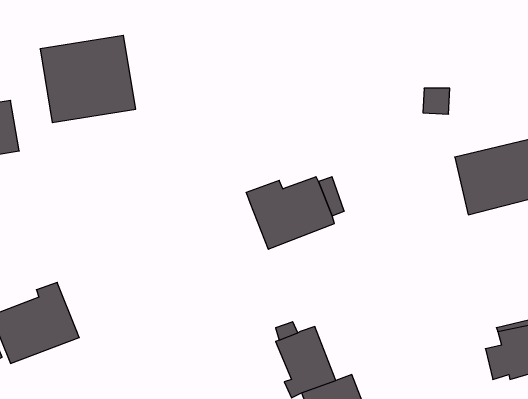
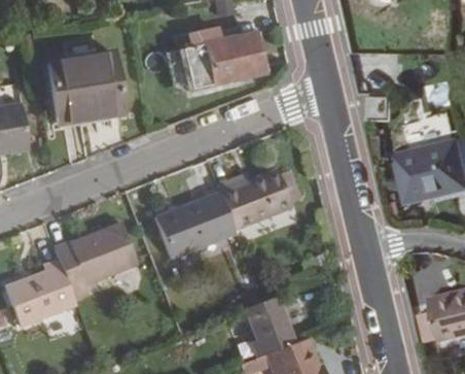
building: none -> [182,32,266,90]
building: none -> [155,192,237,259]
building: none -> [57,223,138,300]

